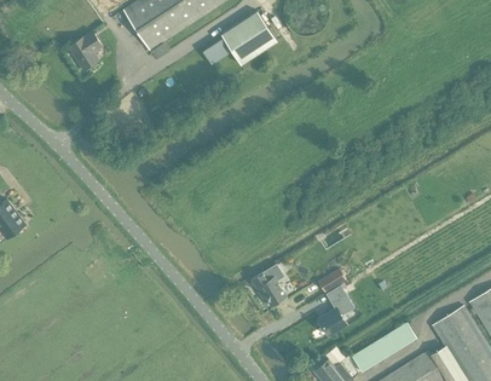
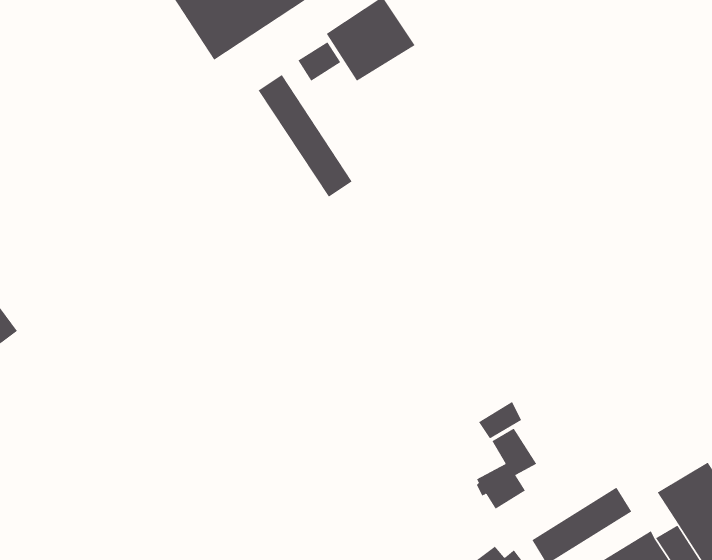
building: [69,30,103,70] -> none
building: none -> [258,74,352,198]
building: [250,262,287,305] -> none

